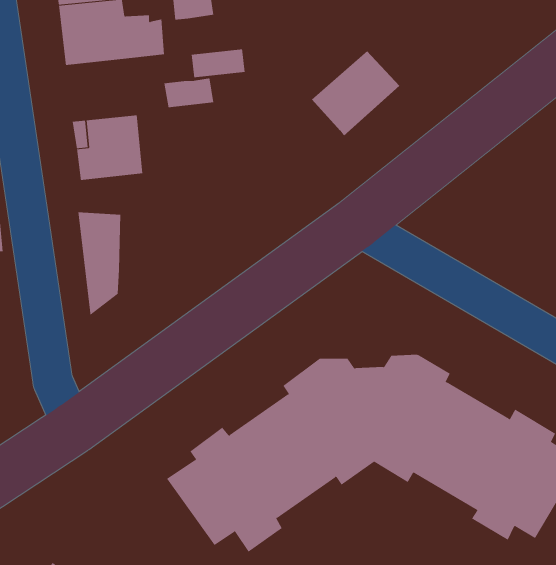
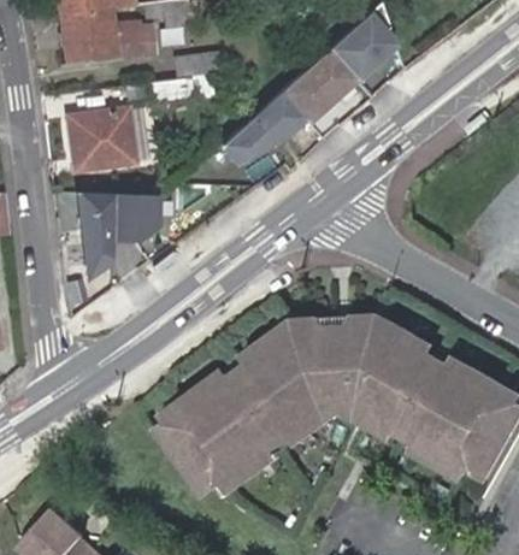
building: none -> [330,13,399,83]
building: none -> [219,95,306,167]
building: none -> [112,196,160,246]

